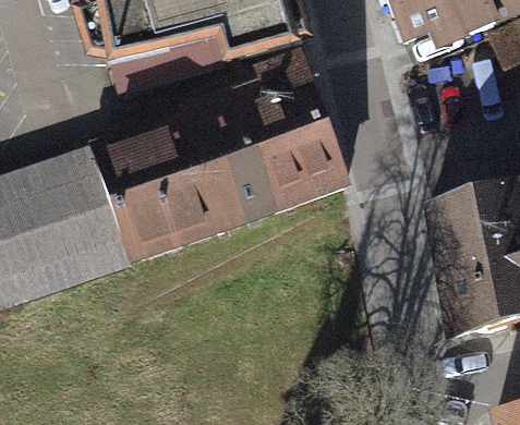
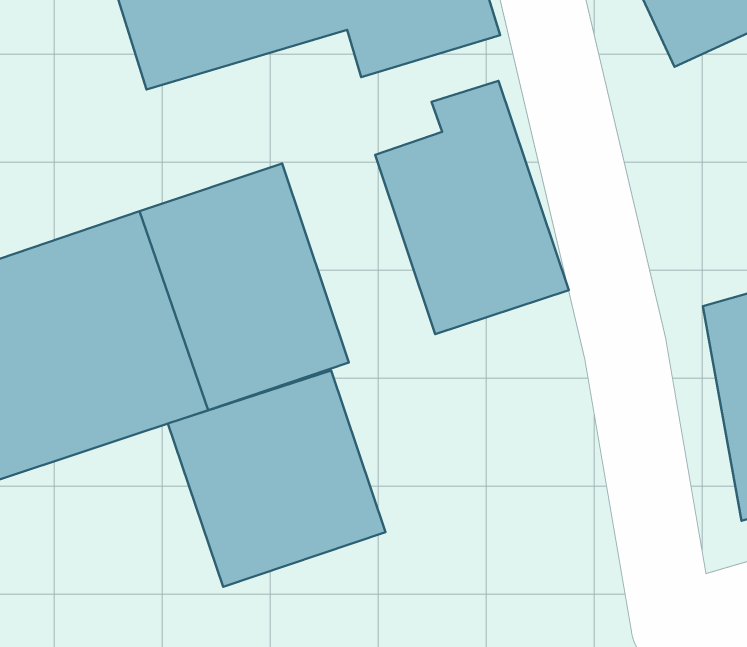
building: [177,108,271,236] -> none
building: none -> [168,370,385,587]

